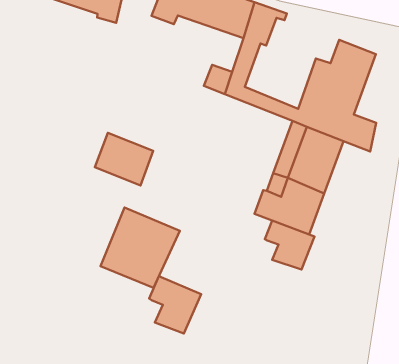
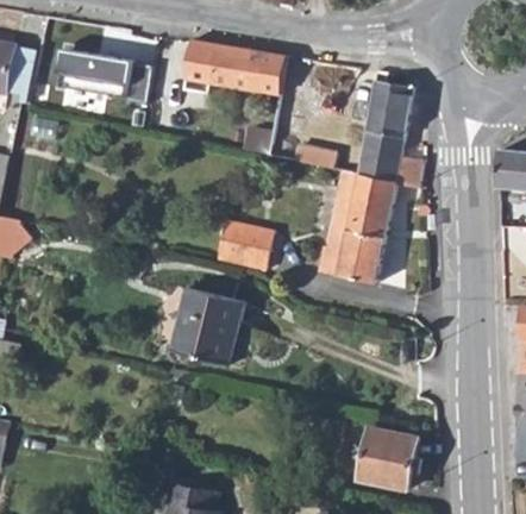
building: [95,133,153,185] -> [218,226,274,274]
building: [265,220,315,270] -> none
building: [149,276,201,333] -> none

